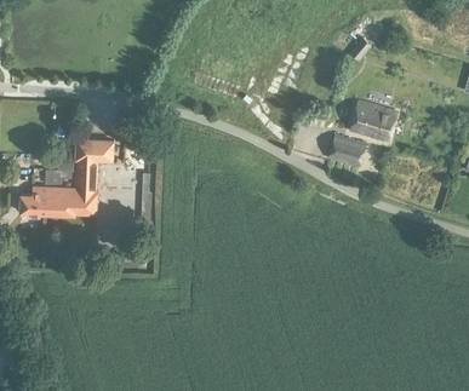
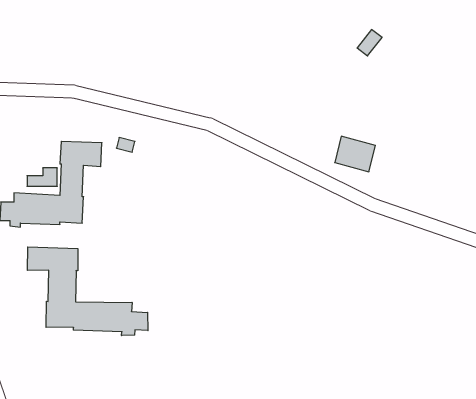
building: [350,99,397,139] -> none
building: none -> [28,247,148,336]

